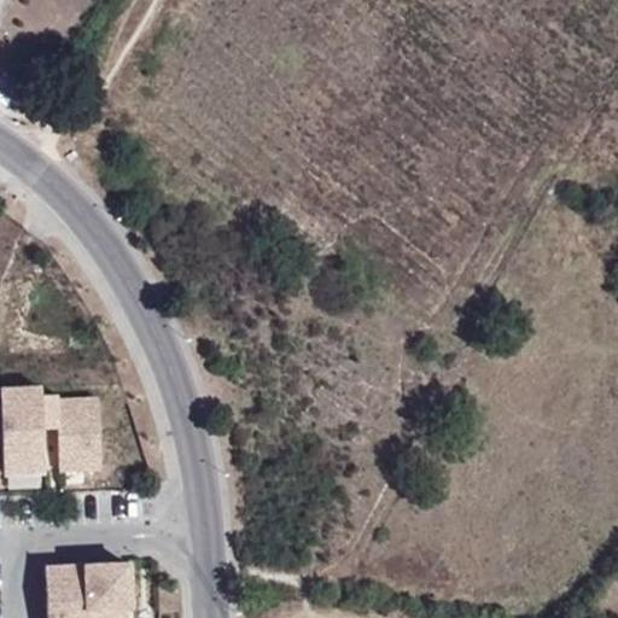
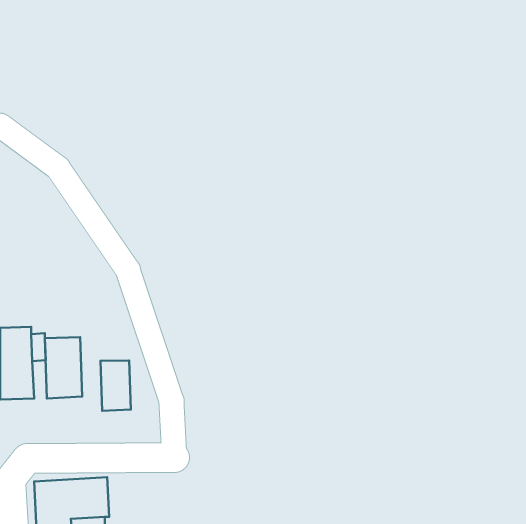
building: none -> [100,360,131,411]

